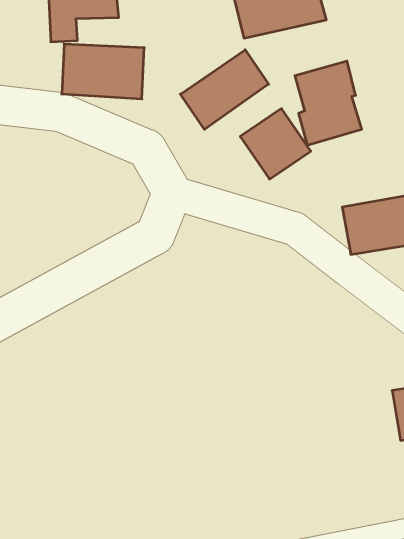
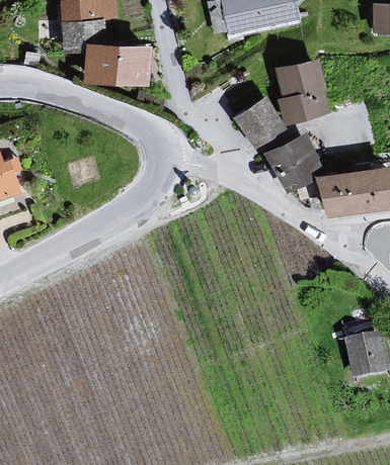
building: [180,50,269,129] -> none
building: none -> [264,133,323,189]

